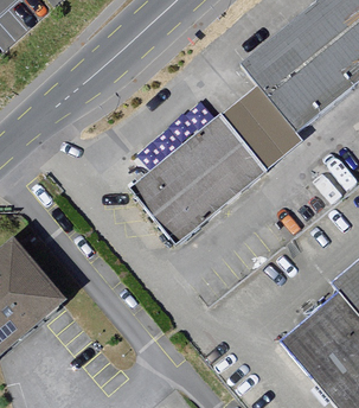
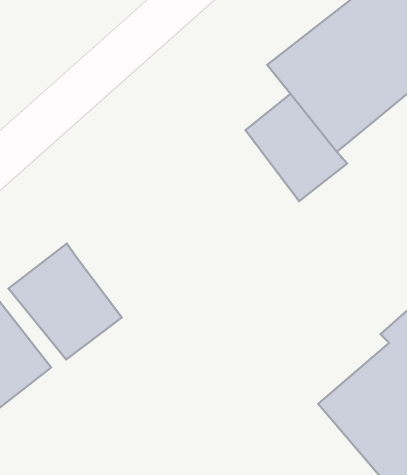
building: [129,114,265,246] -> none
building: none -> [9,244,122,360]

